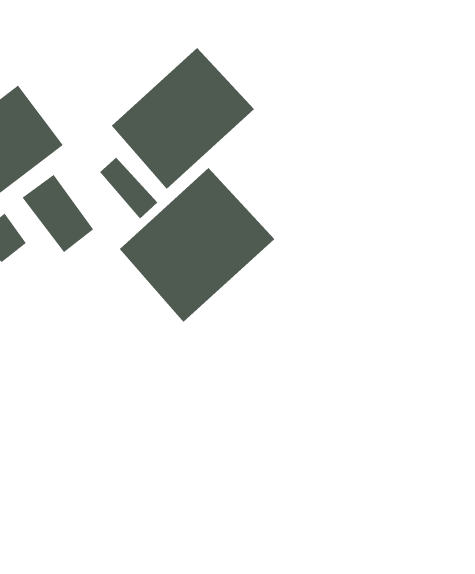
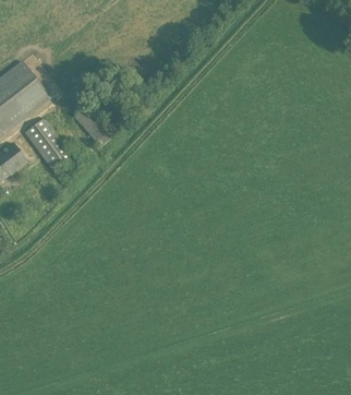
building: [111,47,255,190] -> none
building: [119,167,275,323] -> none

